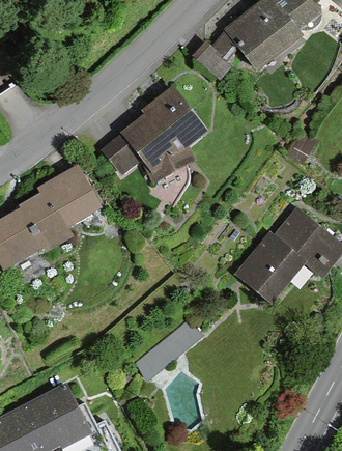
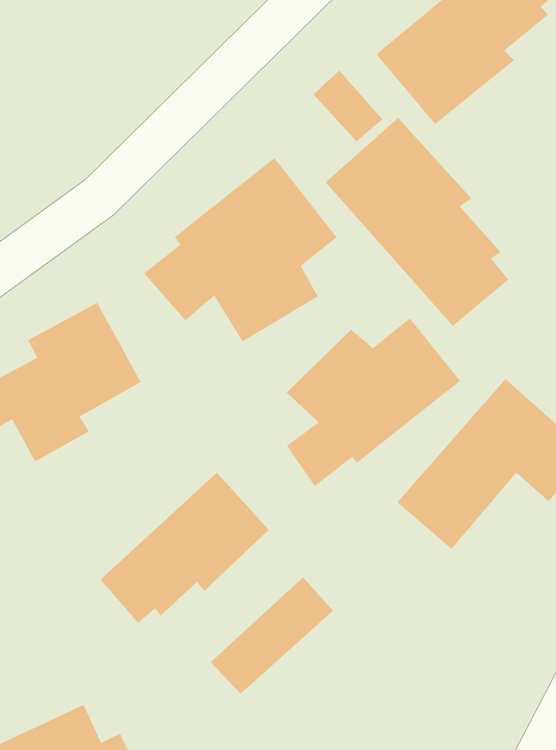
building: none -> [325,117,509,327]
building: none -> [286,318,461,487]
building: none -> [100,472,270,624]

